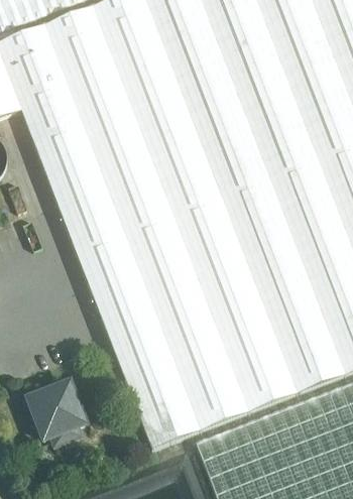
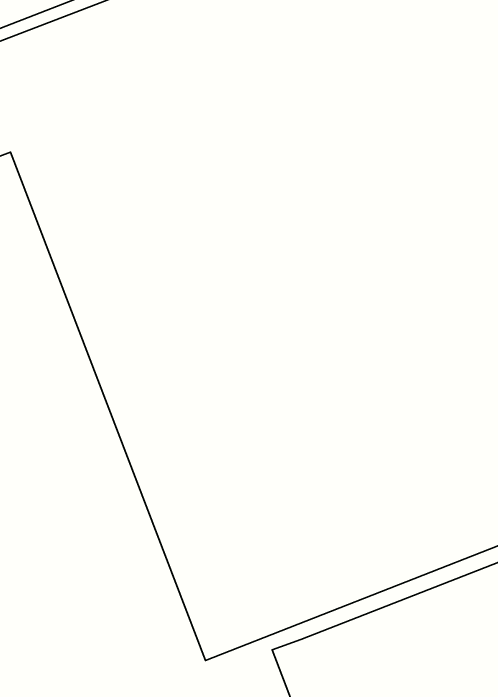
building: [29,380,87,442] -> none

